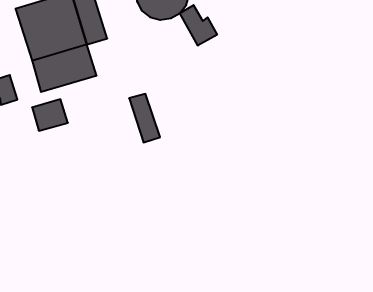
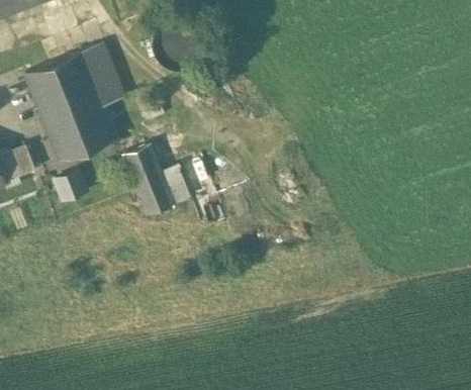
building: [180,5,217,46] -> none
building: none -> [124,147,172,215]

